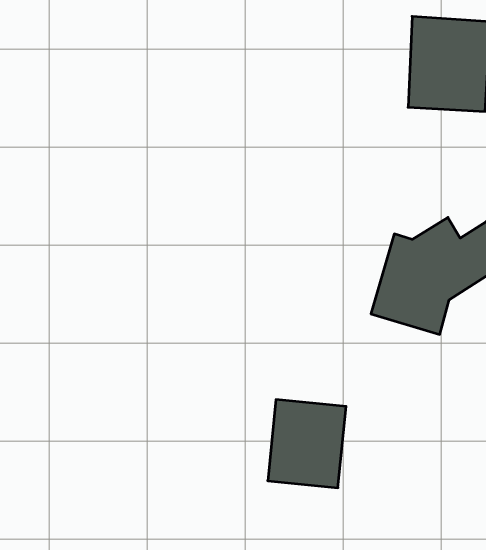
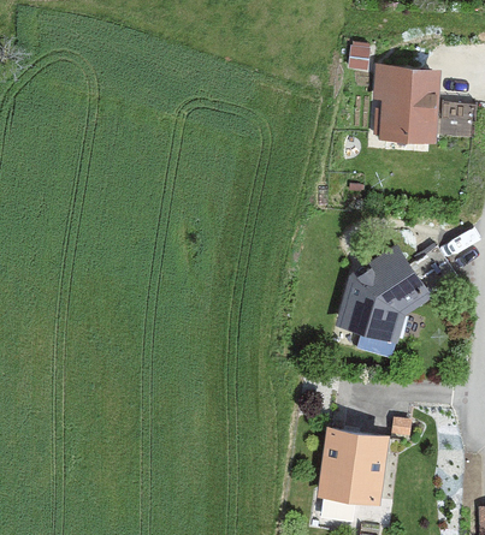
building: [268,400,346,488] -> [319,427,388,504]

